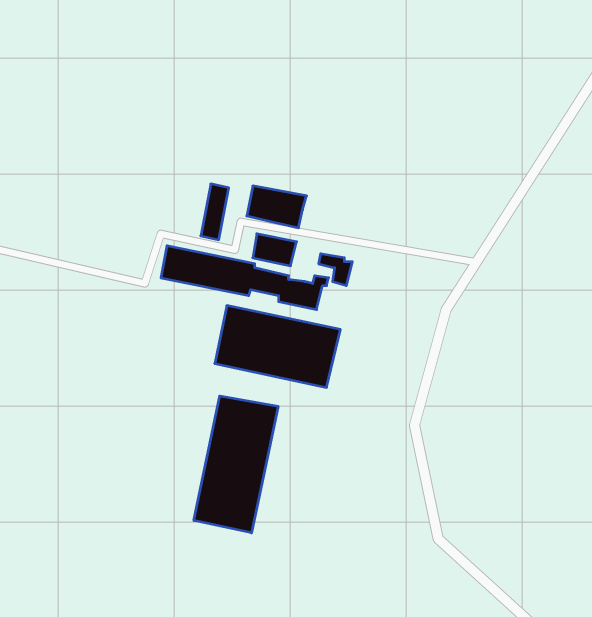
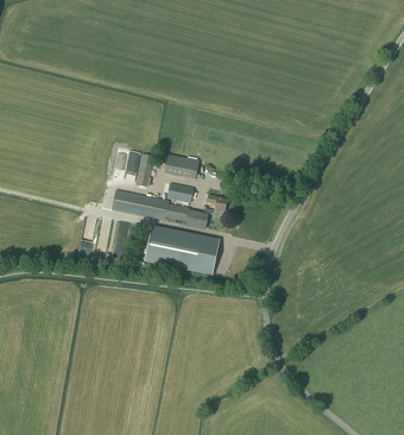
building: [194,396,278,533] -> none

